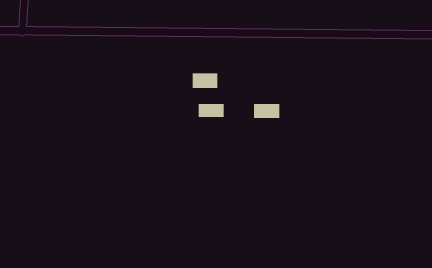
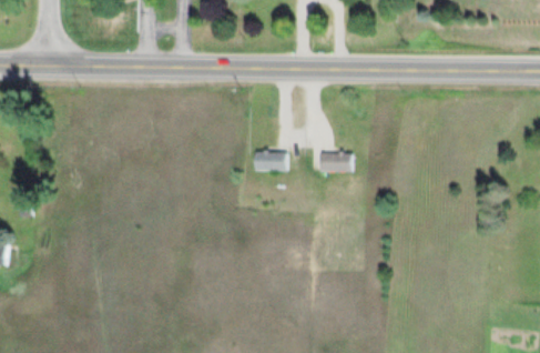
building: [192,73,218,89] -> none

